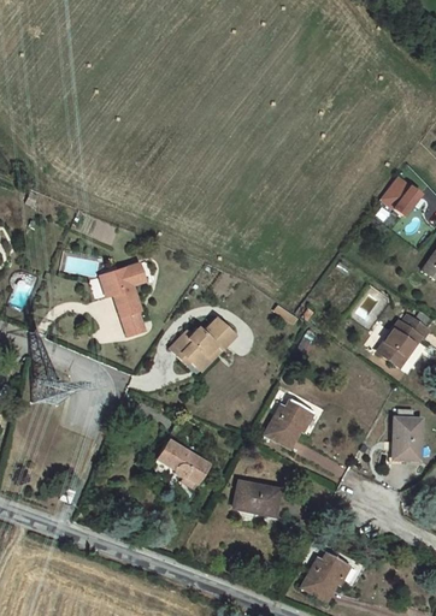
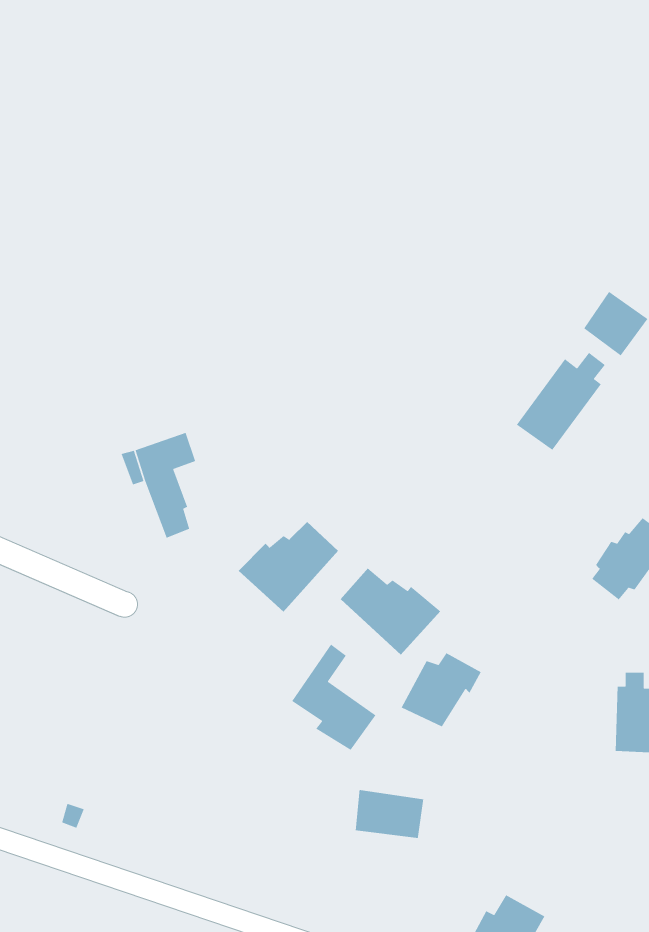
building: none -> [516,352,606,451]
building: none -> [340,568,441,655]
building: [155,422,207,487] -> [291,644,377,751]

